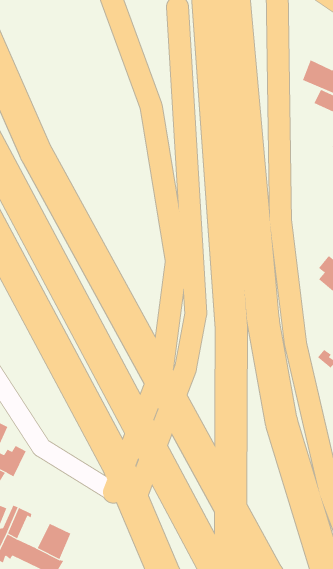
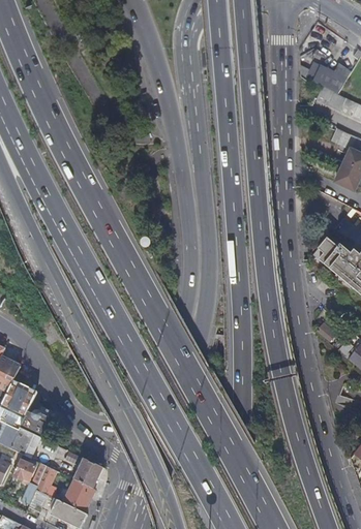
building: none -> [73,458,102,488]

